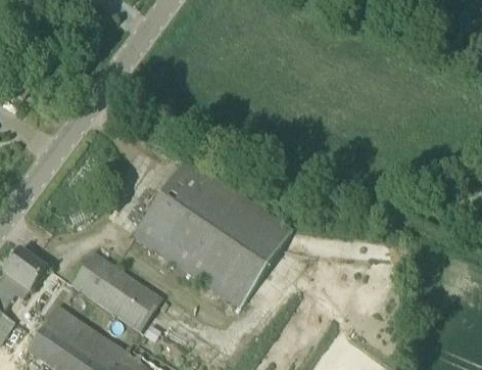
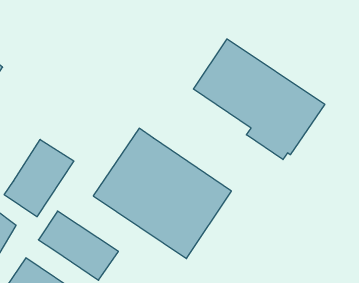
building: none -> [193,39,325,160]
building: none -> [4,139,74,217]

